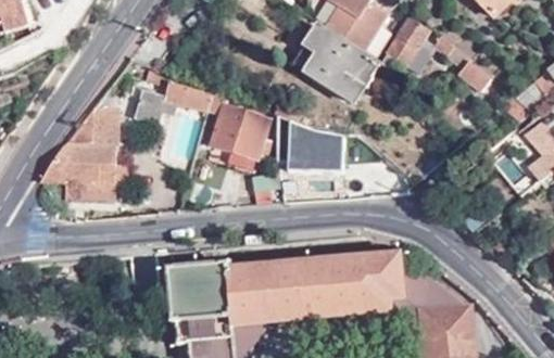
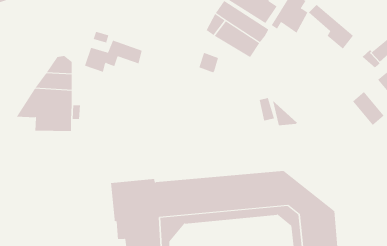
building: [205,91,273,159] -> none
building: [279,117,343,172] -> none

